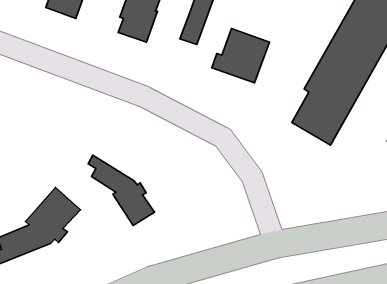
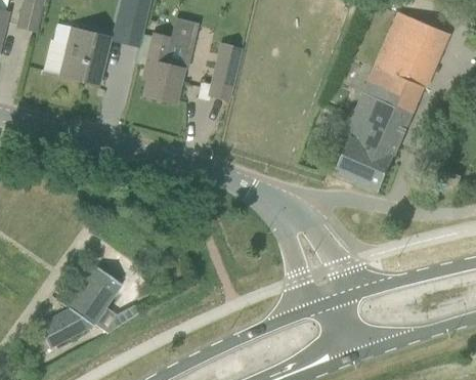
building: [212,29,269,83] -> none
building: [88,155,155,225] -> none

